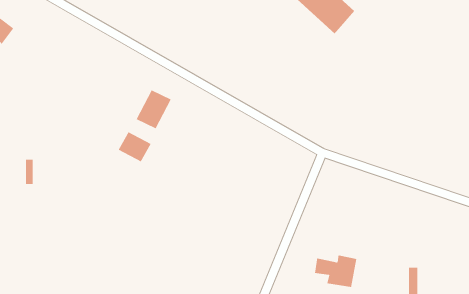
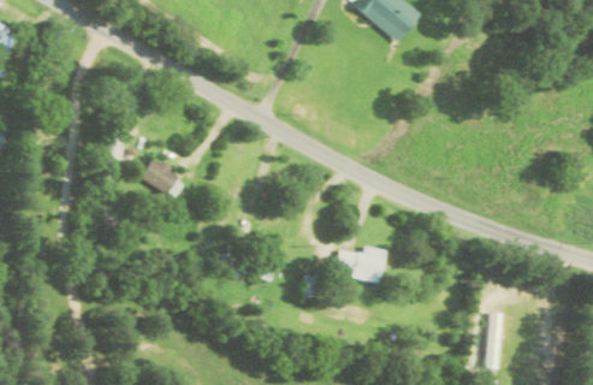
building: [136,89,172,129] -> none
building: [314,255,357,287] -> [337,244,387,283]

